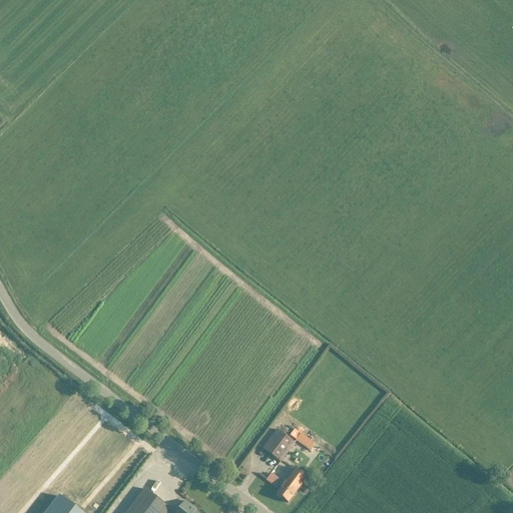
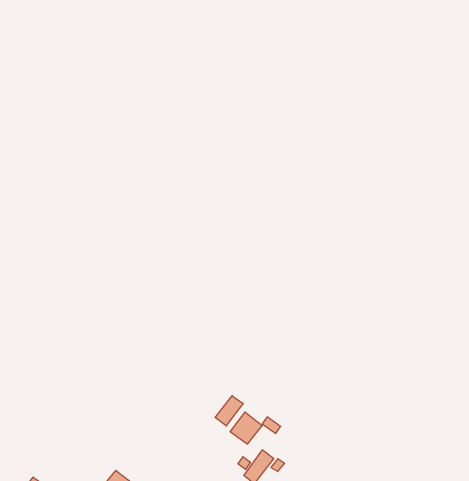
building: none -> [215,396,243,426]

